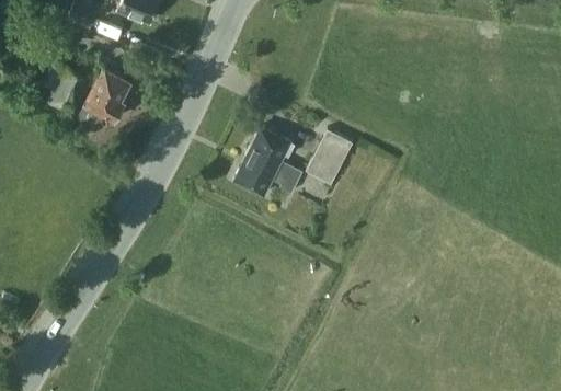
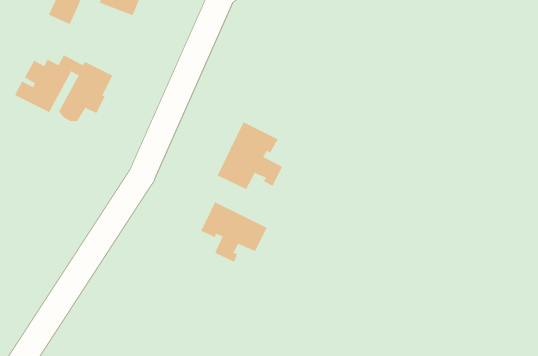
building: [304,129,352,185] -> none
building: none -> [201,202,267,262]

